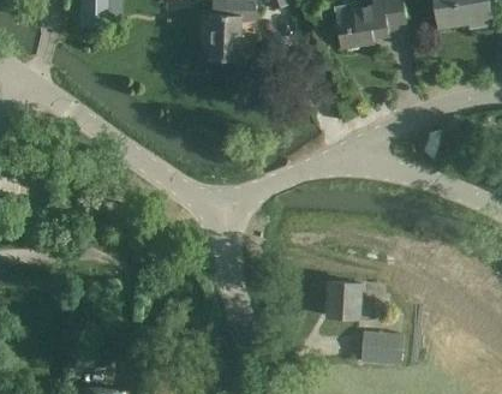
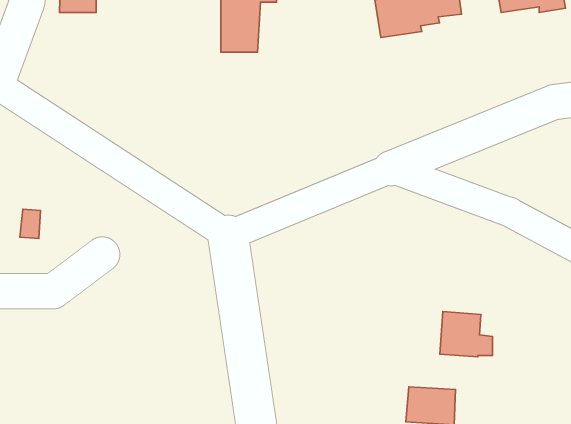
building: [328,281,371,318] -> [440,311,493,357]

